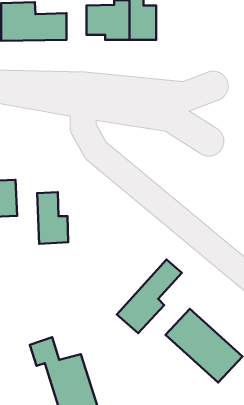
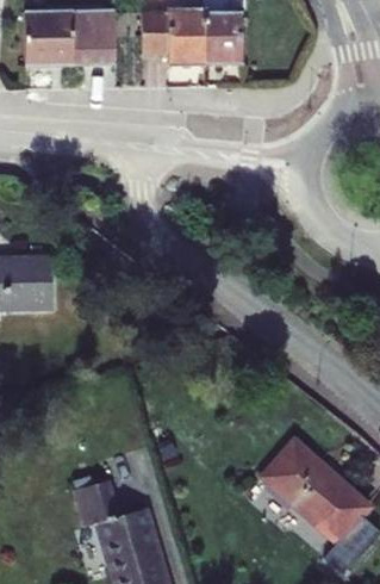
building: [37,192,68,244] -> none
building: [117,259,182,333] -> none

